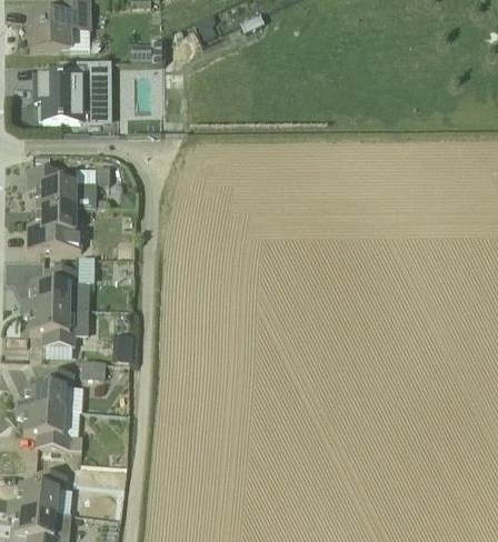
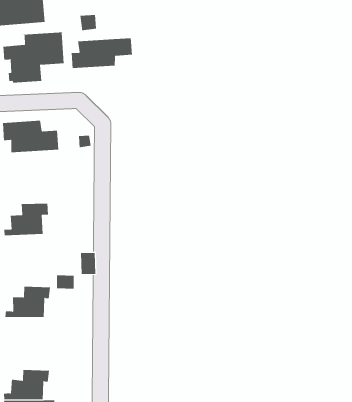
building: none -> [71,37,132,69]
building: [27,208,81,251] -> none
building: [21,309,88,349] -> none
building: [16,409,71,451] -> none

